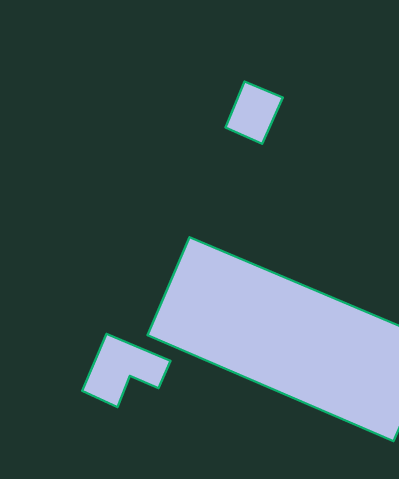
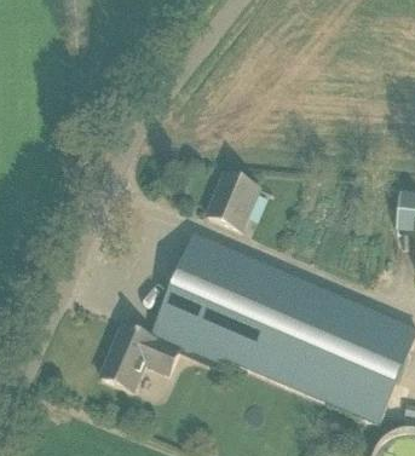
building: [226,81,283,144] -> [206,173,257,229]

